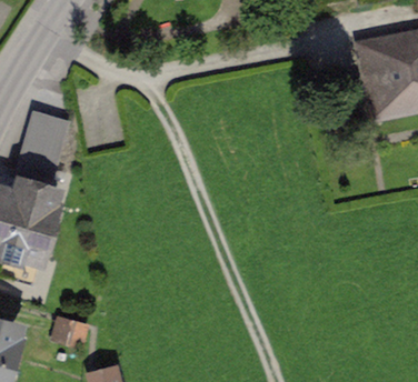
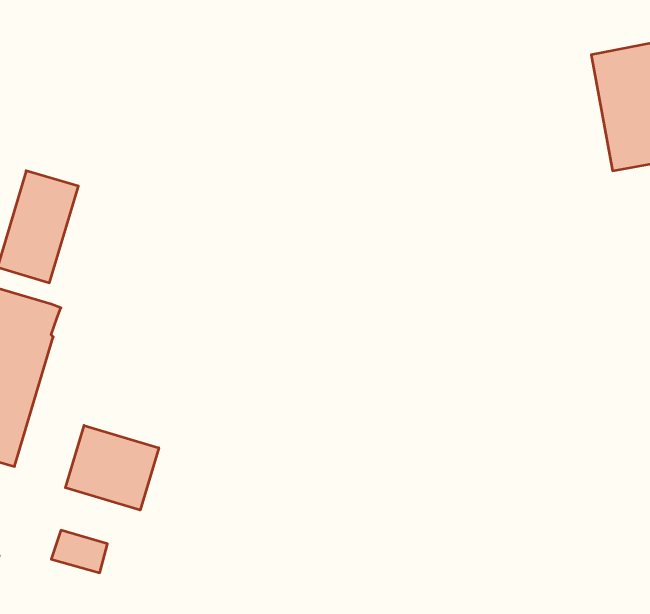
building: none -> [65,425,159,510]

